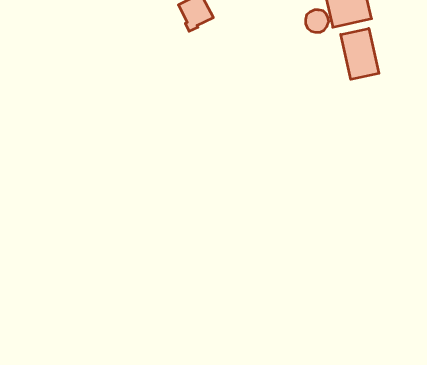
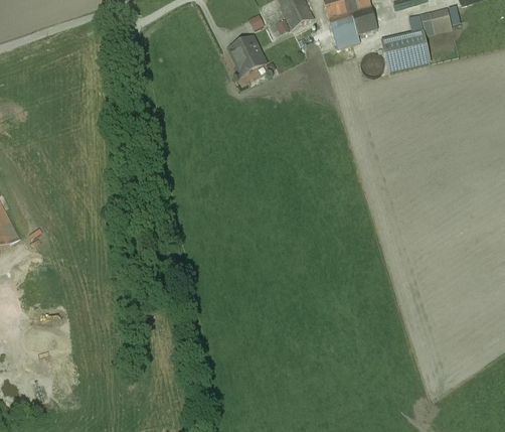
building: [341,28,379,79] -> none

